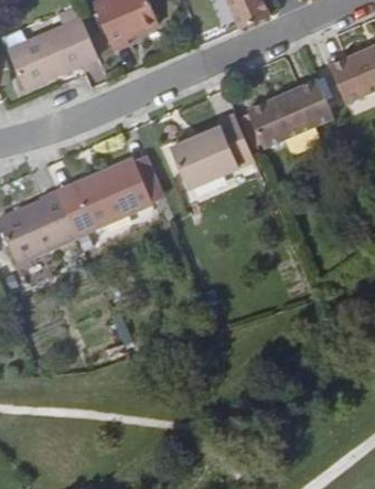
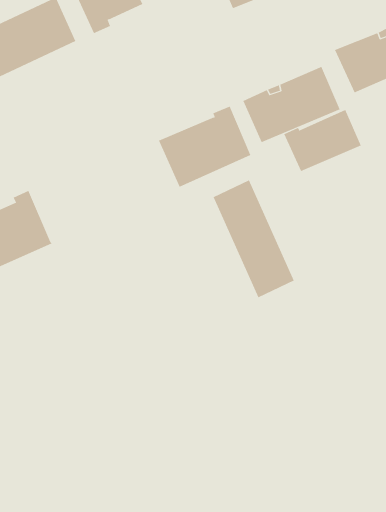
building: none -> [284,109,361,172]
building: [56,157,153,236] -> none
building: none -> [213,179,294,298]

